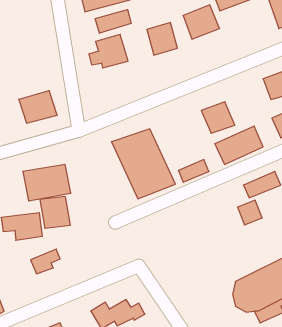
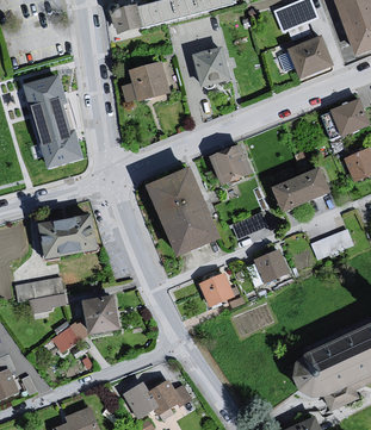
building: [183,5,220,39] -> [287,33,332,75]
building: [95,10,131,33] -> none
building: none -> [24,74,70,138]
building: [201,102,235,133] -> [214,149,254,187]
building: [40,197,70,228] -> [86,299,123,337]
building: [238,200,262,225] -> [255,250,285,280]
building: none -> [197,272,233,306]

